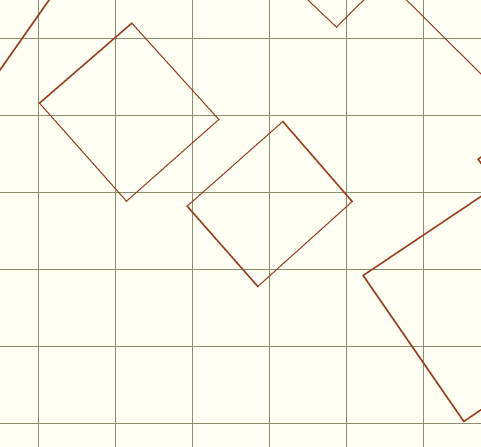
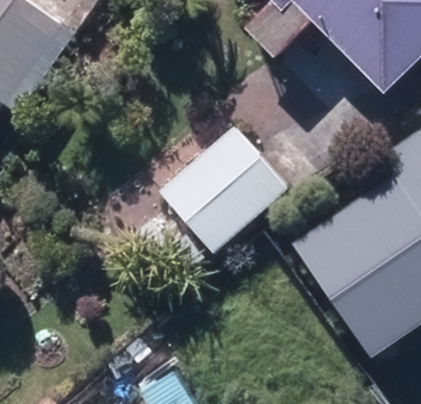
building: [39,23,219,201] -> none

